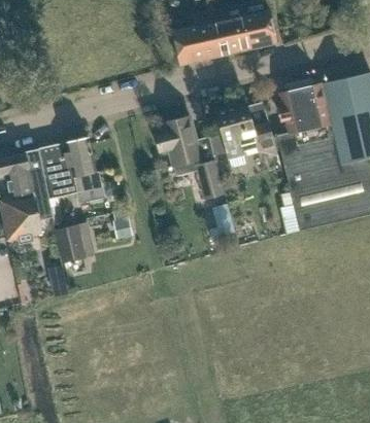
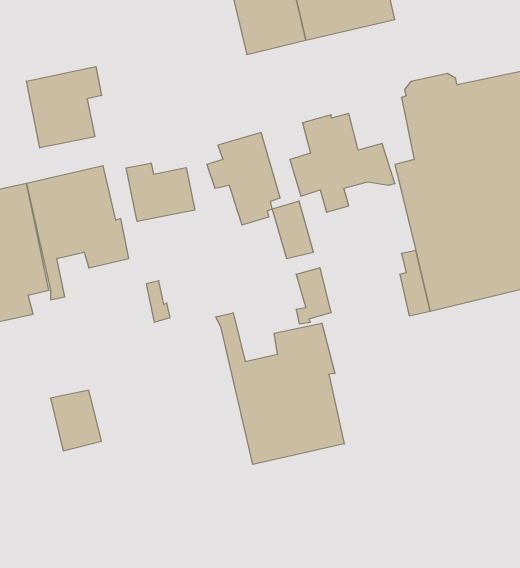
building: none -> [27,67,101,148]
building: none -> [126,163,195,221]
building: [53,224,86,263] -> [50,390,101,451]
building: none -> [216,313,344,464]

